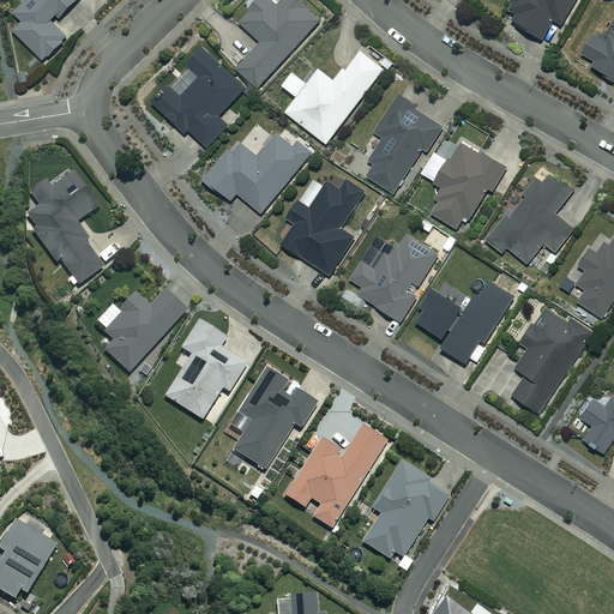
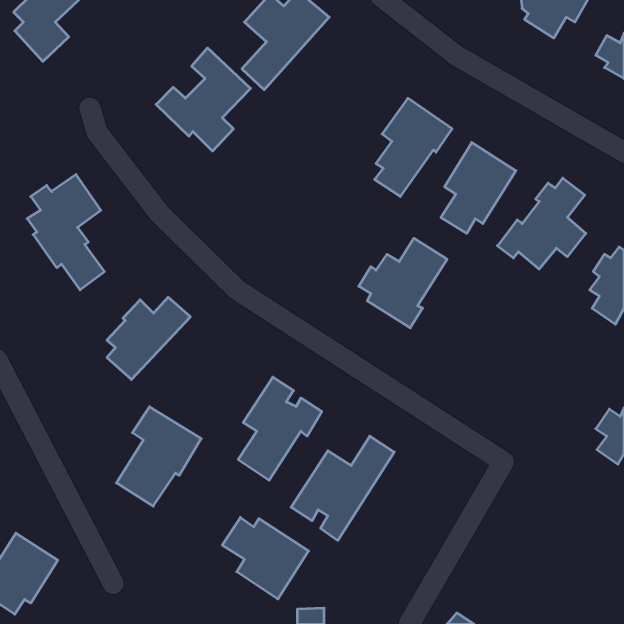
building: [285,52,383,143] -> none
building: [204,133,311,211] -> none
building: [281,179,363,275] -> none
building: [413,282,514,362] -> none
building: [512,308,592,411] -> none
building: [165,321,248,419] -> [116,407,201,506]
building: [362,460,449,559] -> none
building: none -> [222,517,309,599]

